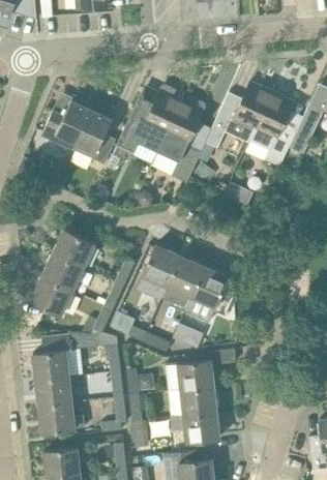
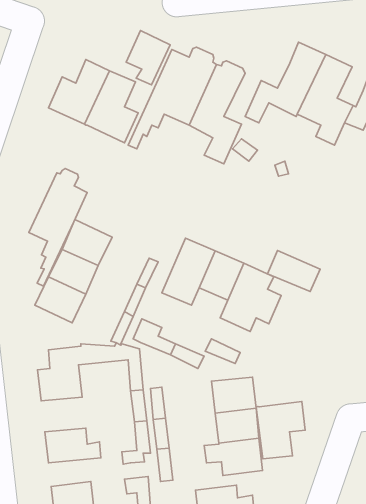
building: none -> [126,31,170,85]
building: none -> [29,169,87,286]
building: none -> [267,251,320,292]
building: [35,377,72,406] -> none
building: none -> [256,401,305,459]

